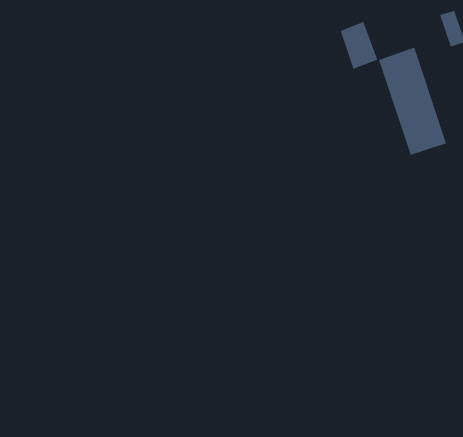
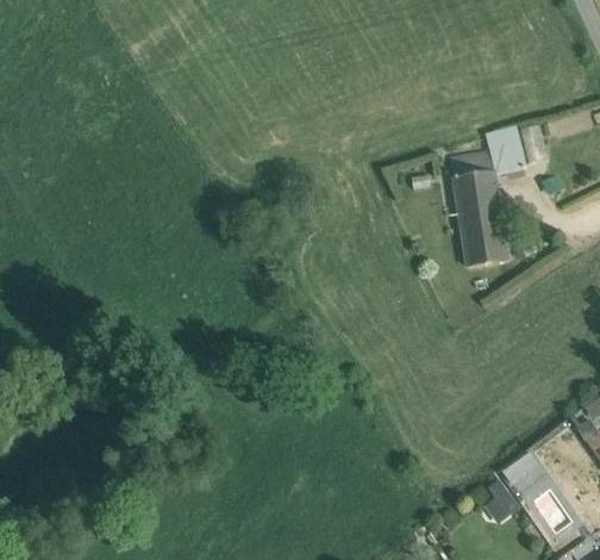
building: [340,21,378,70] -> [486,127,520,175]

